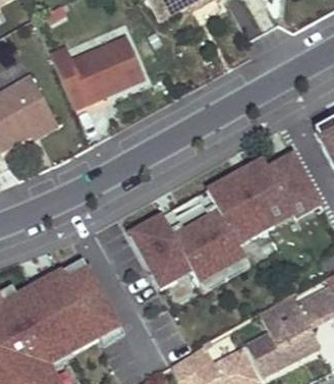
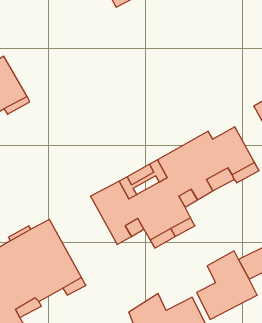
building: [47,32,142,108] -> none

